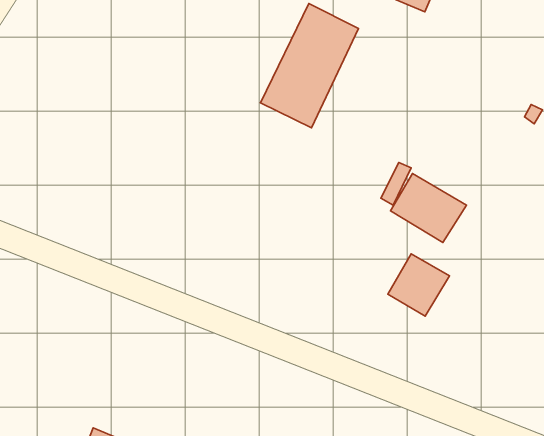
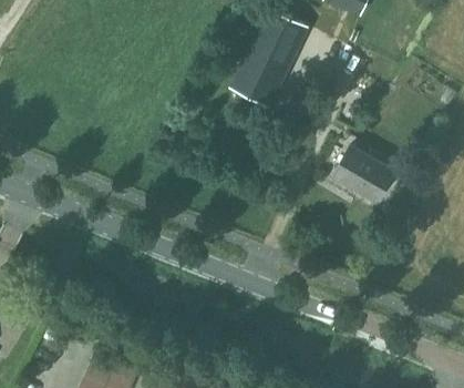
building: [388,254,449,316] -> none

